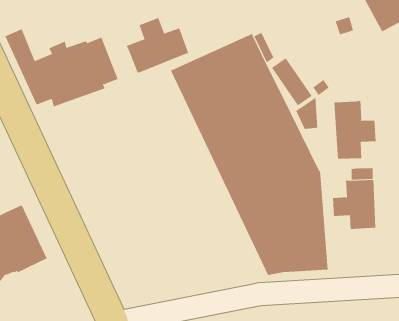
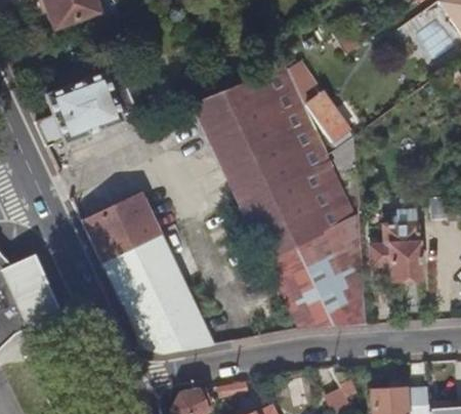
building: [126,17,189,74] -> none
building: [334,100,376,159] -> none
building: none -> [83,192,212,353]

